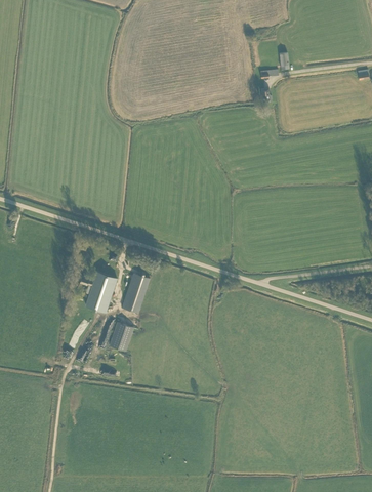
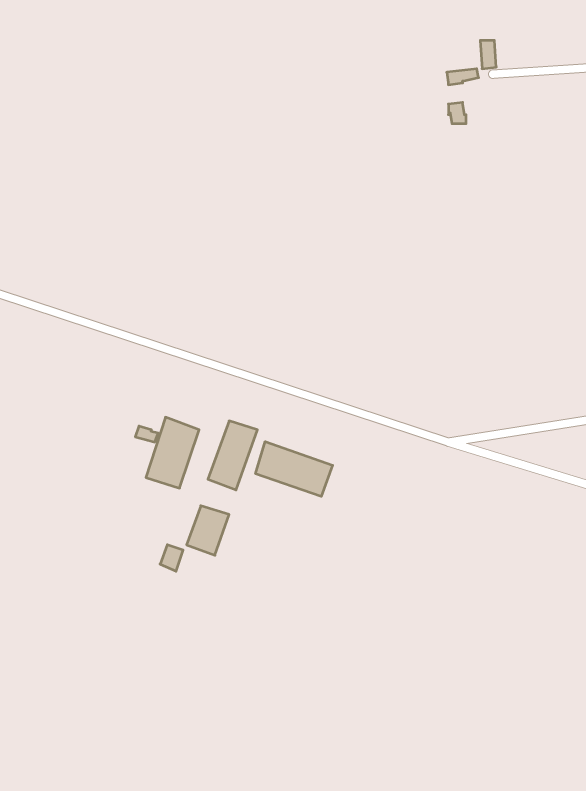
building: none -> [256,442,333,496]

